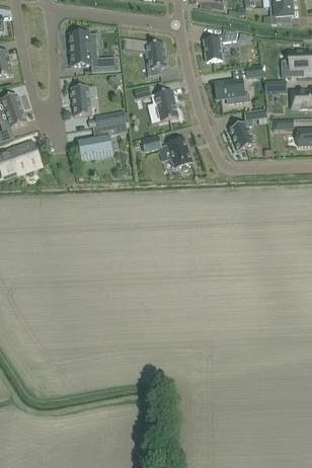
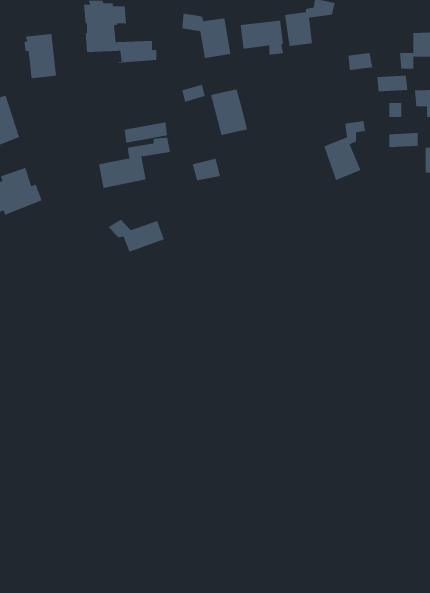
building: [214,79,243,102] -> [240,20,284,55]
building: [70,86,92,116] -> [23,34,57,79]
building: [166,137,191,167] -> none
building: none -> [108,219,164,252]

